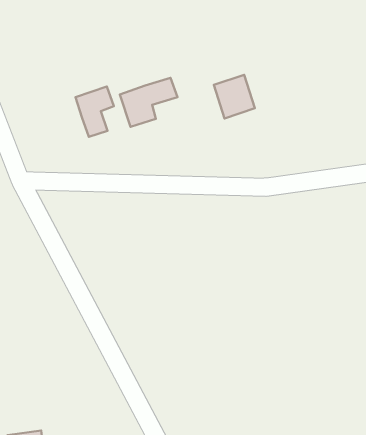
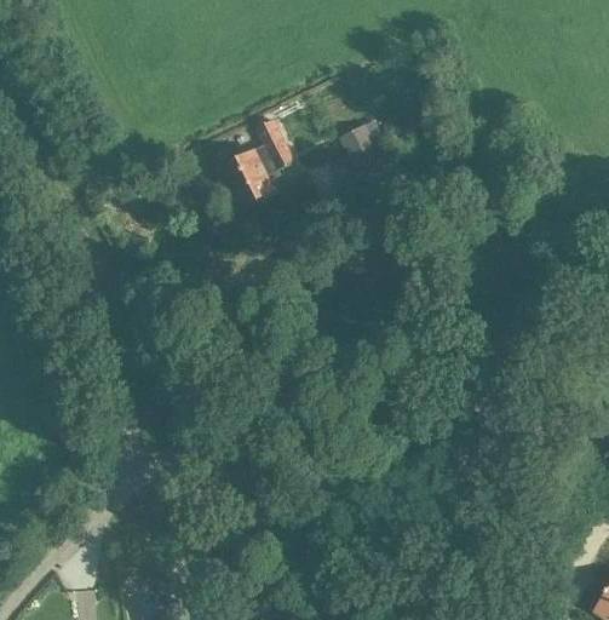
building: [76,87,114,137] -> none

